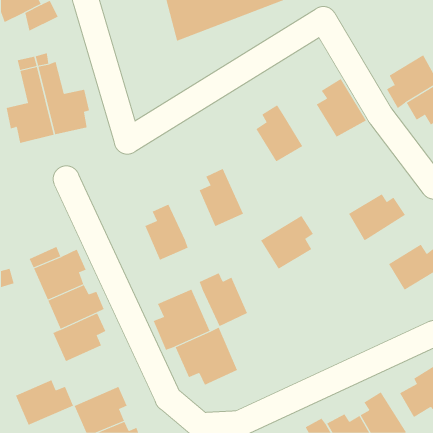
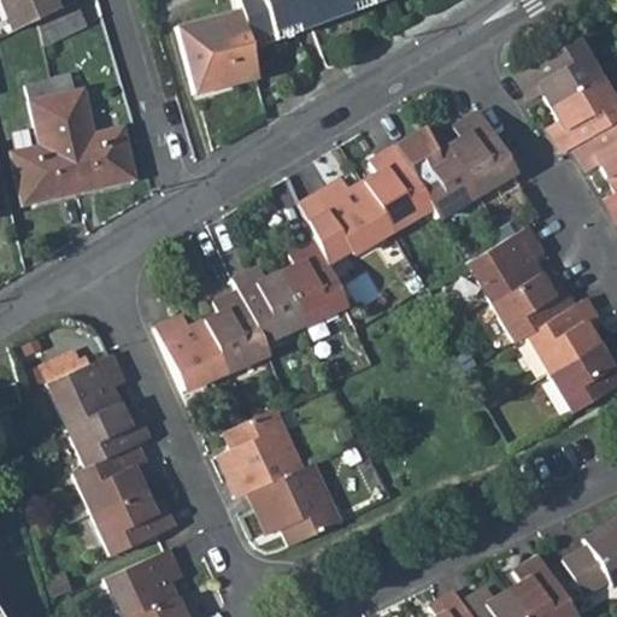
building: none -> [180,14,254,94]
building: none -> [518,40,603,107]
building: none -> [404,146,478,219]
building: none -> [302,180,393,254]
building: none -> [528,299,603,375]
building: [260,215,314,269] -> [470,227,546,304]
building: none -> [152,316,228,392]
building: [199,273,248,327] -> [236,264,306,341]
building: [15,380,74,425] -> [94,490,177,556]

